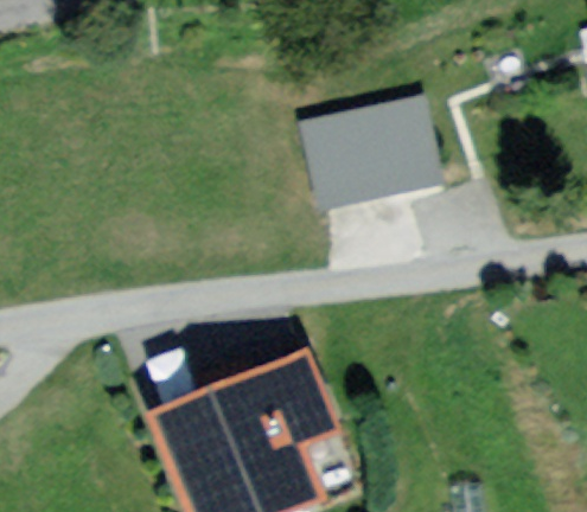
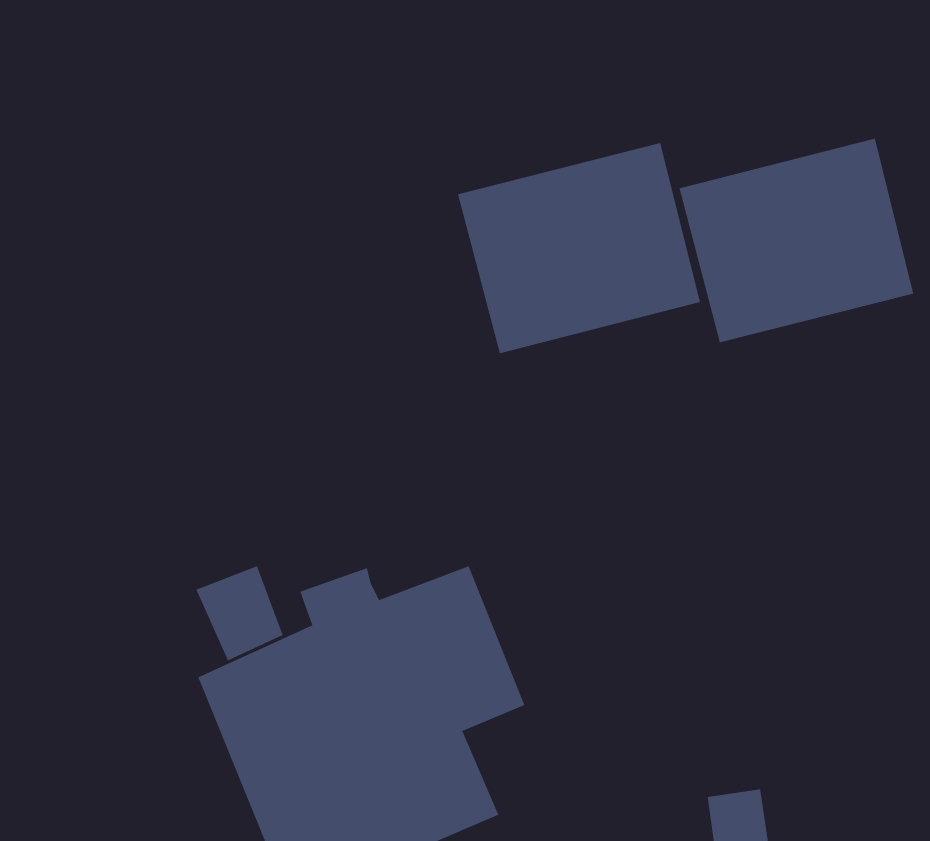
building: none -> [679,138,914,343]

